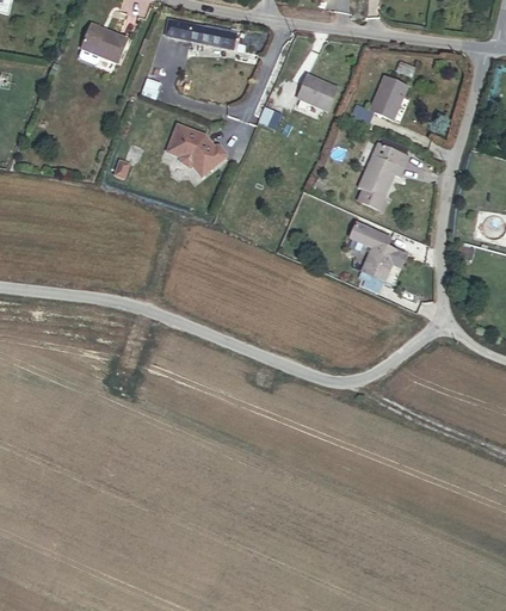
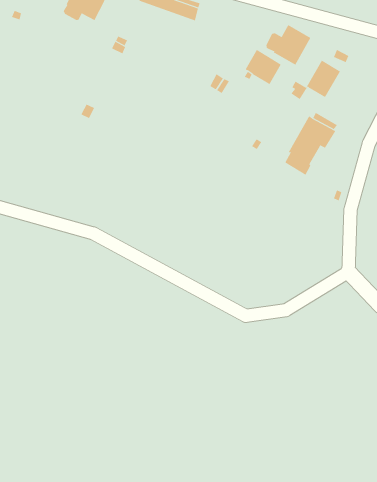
building: none -> [266,24,311,65]
building: [167,122,226,174] -> none
building: [348,220,399,282] -> none

